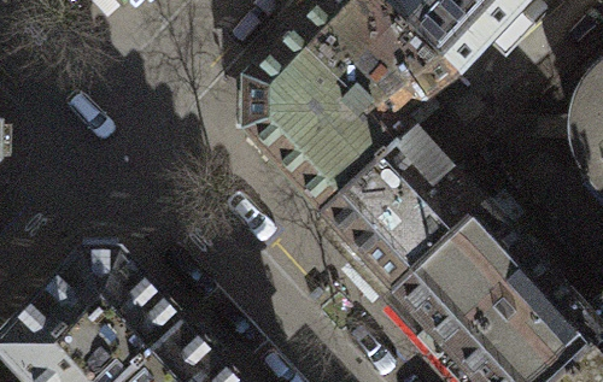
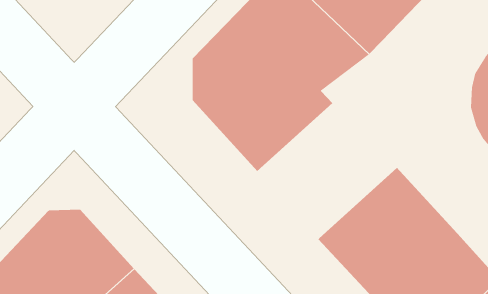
building: [320,131,481,288] -> none

